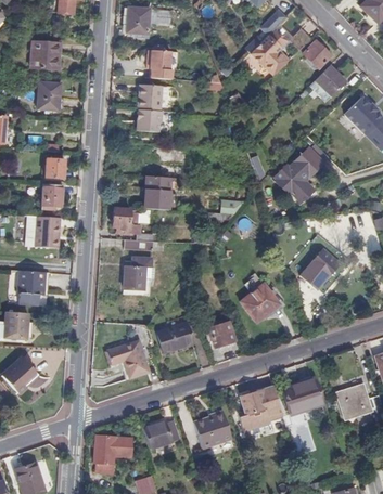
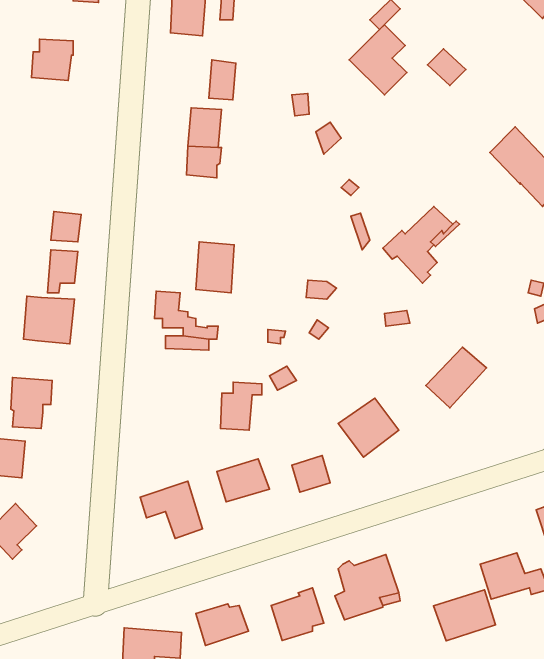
building: [306,66,342,103] -> none
building: [39,78,62,107] -> none
building: [123,258,151,290] -> [220,382,262,430]
building: [279,378,321,413] -> [433,590,496,641]

